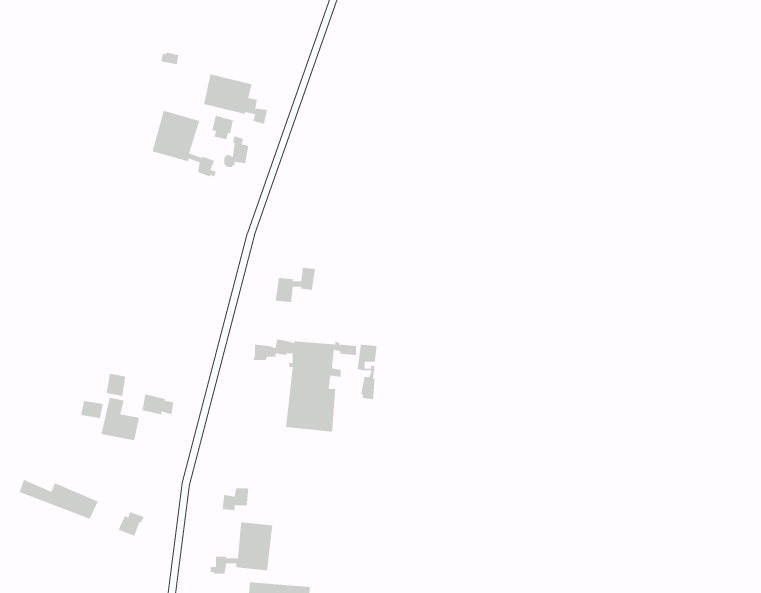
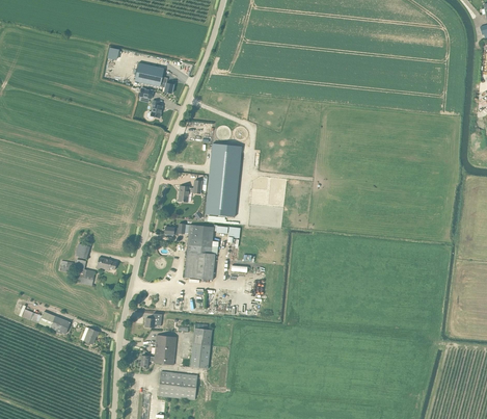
building: [152,110,217,177] -> none
building: none -> [206,143,242,217]
building: none -> [191,328,213,368]

